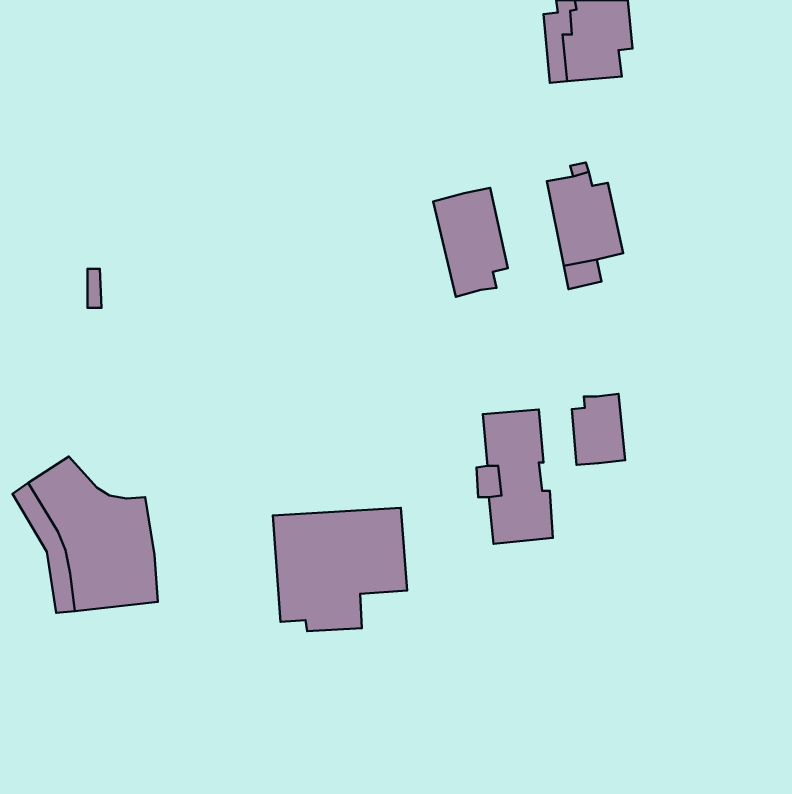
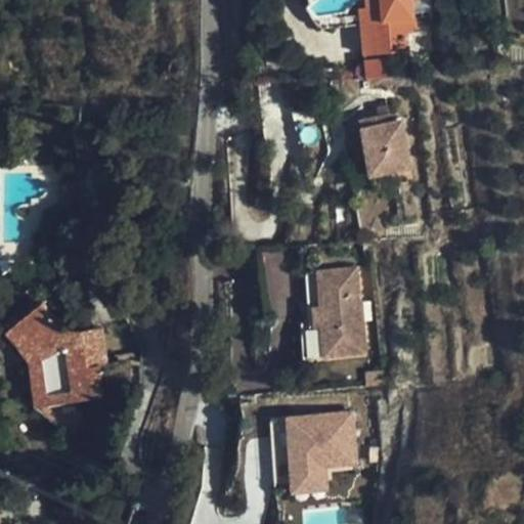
building: [433,188,508,297] -> none
building: [572,394,625,465] -> none
building: [273,508,407,631] -> [269,410,357,491]

